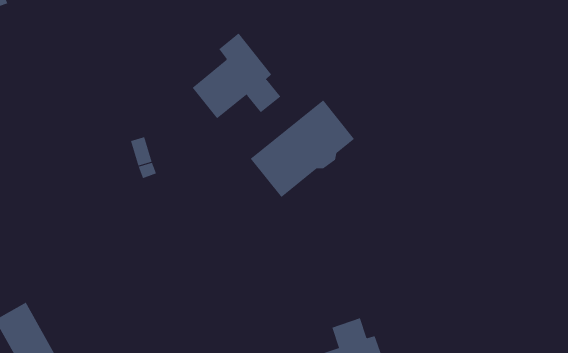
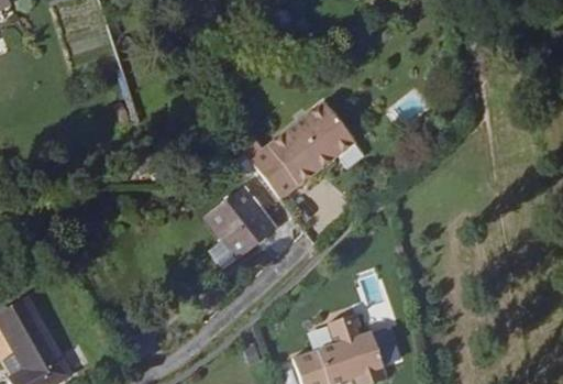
building: [192,33,281,119] -> none
building: none -> [206,186,276,268]

